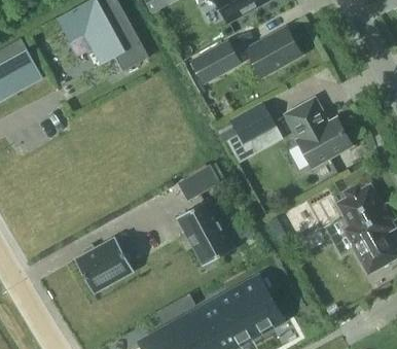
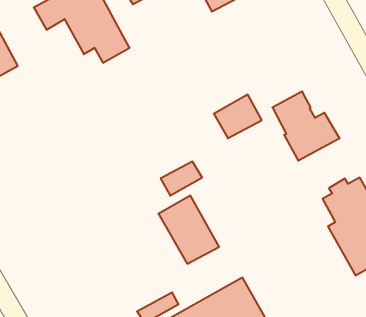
building: [246,27,300,76] -> none
building: [189,40,241,85] -> none
building: [74,238,134,293] -> none

